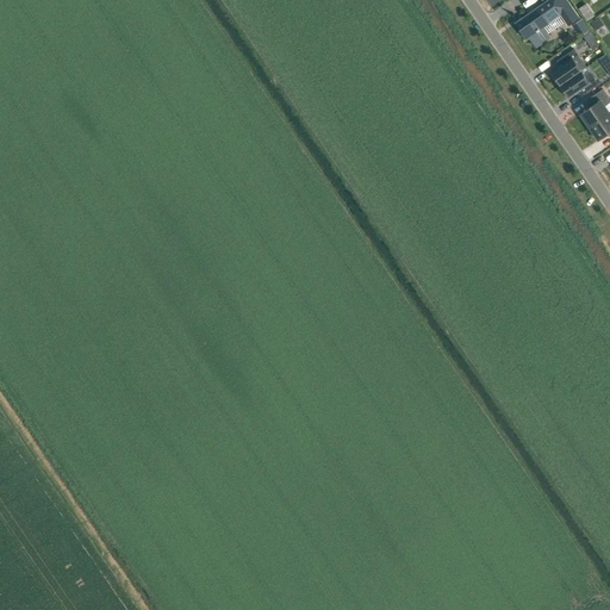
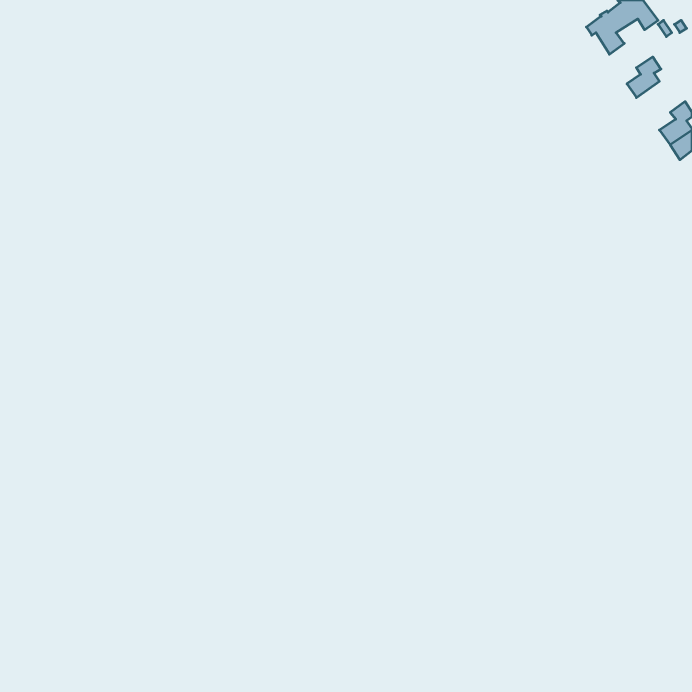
building: [560,71,599,98] -> none

